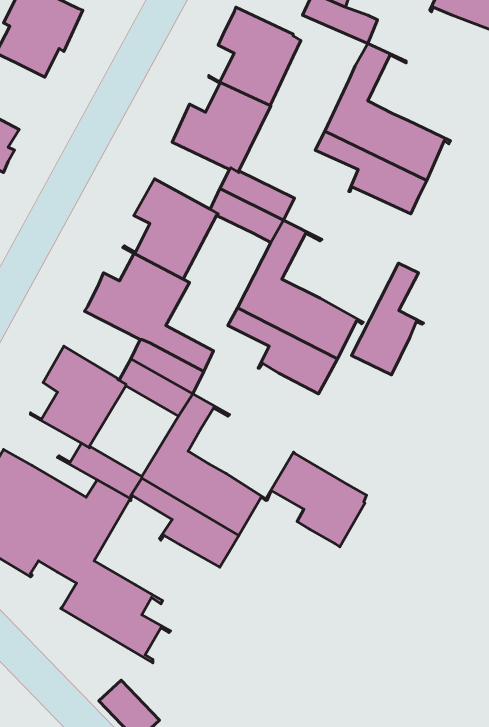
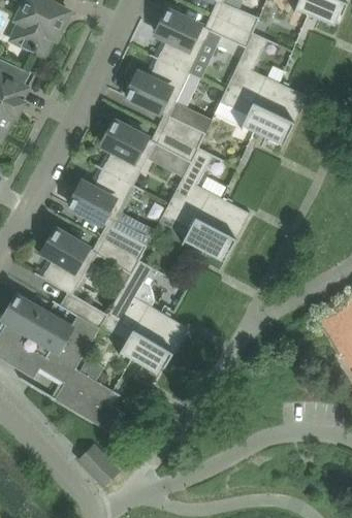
building: none -> [204,13,253,46]
building: [351,263,424,375] -> none
building: [266,452,366,547] -> none

